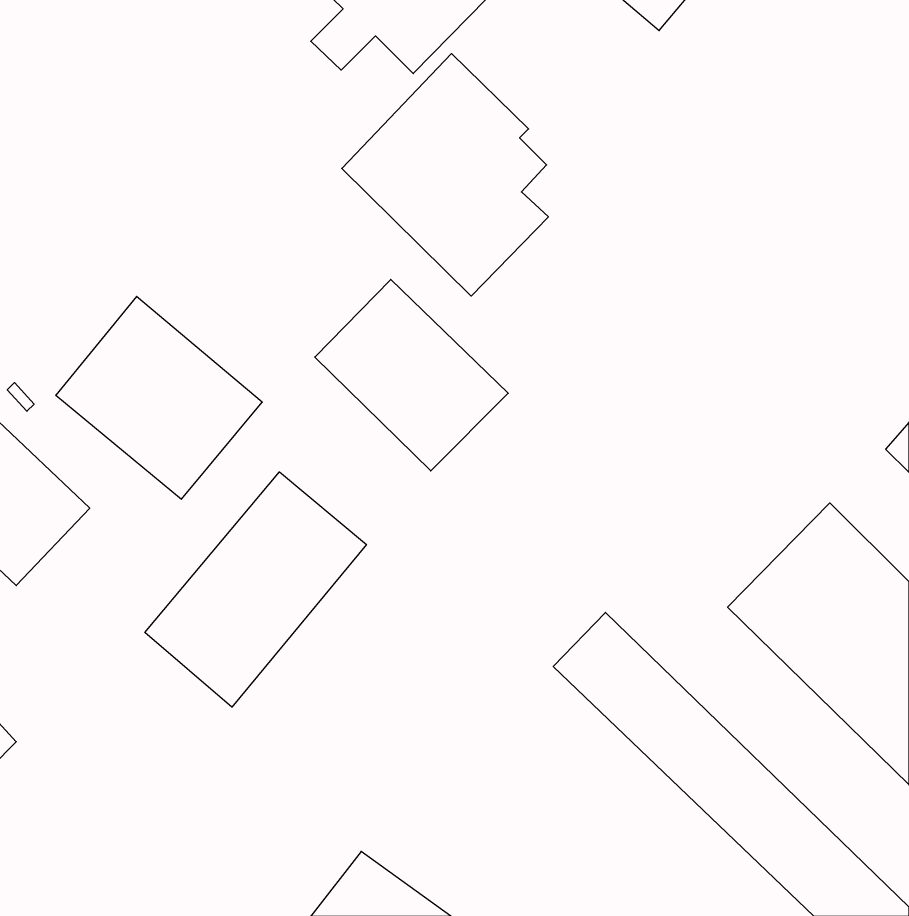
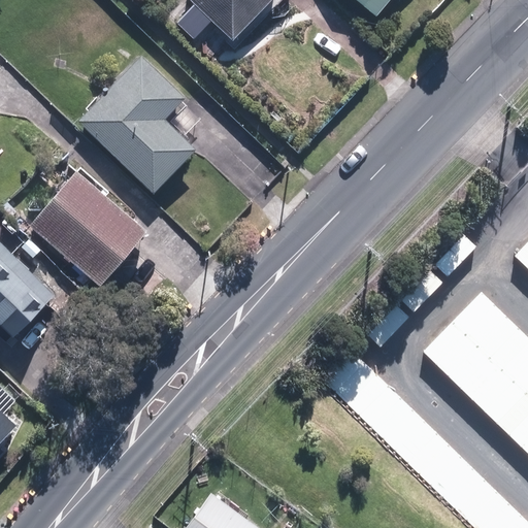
building: [342,54,548,296] -> [82,57,201,196]
building: [315,279,508,471] -> none
building: [145,472,366,707] -> none

